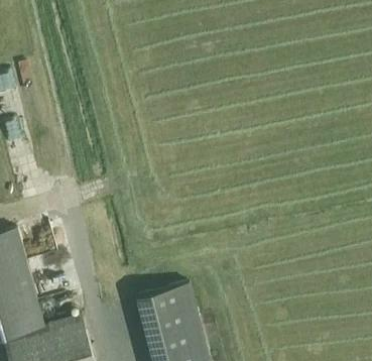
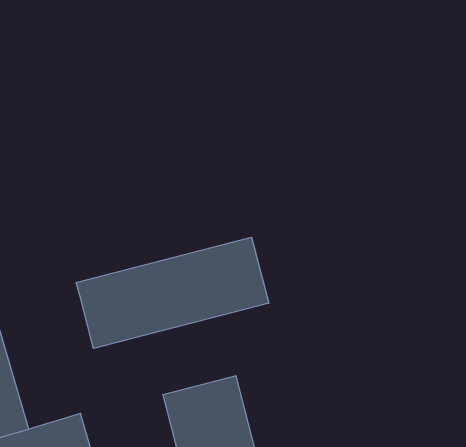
building: none -> [76,237,269,348]

